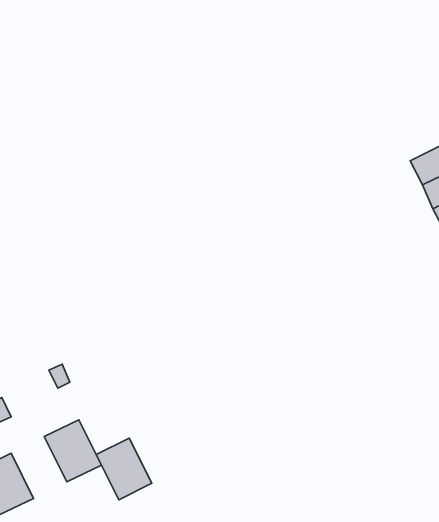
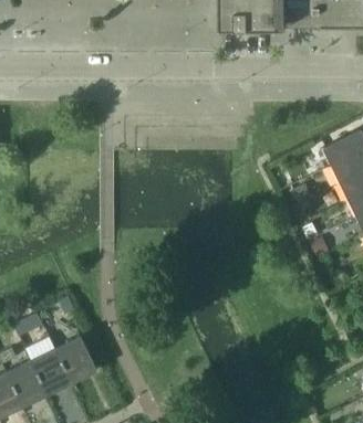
building: [96,438,152,500] -> [30,349,71,394]

